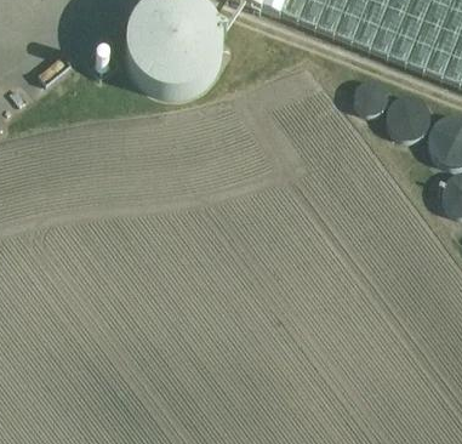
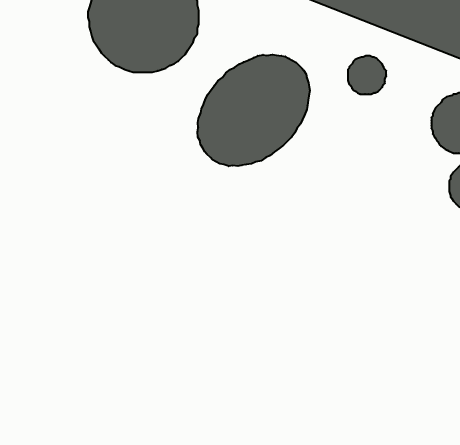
building: none -> [198,55,310,166]
building: [387,97,429,140] -> none

